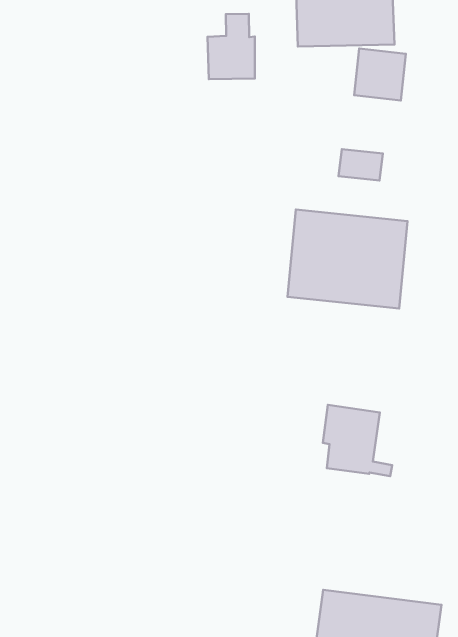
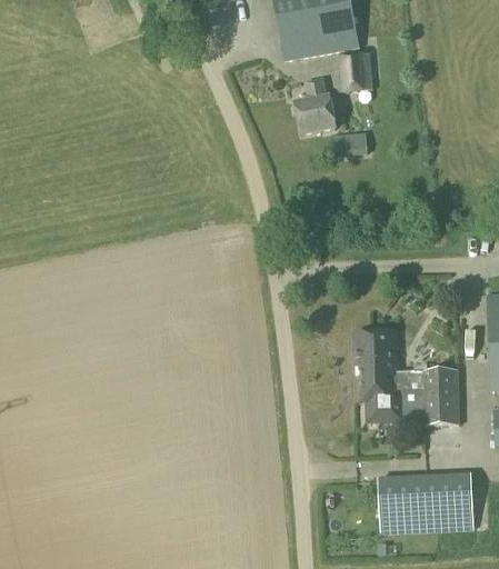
building: [207,14,255,79] -> [292,79,335,134]
building: [287,210,407,308] -> none
building: none -> [363,370,457,425]

